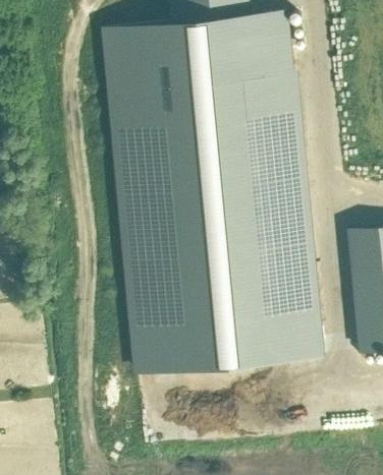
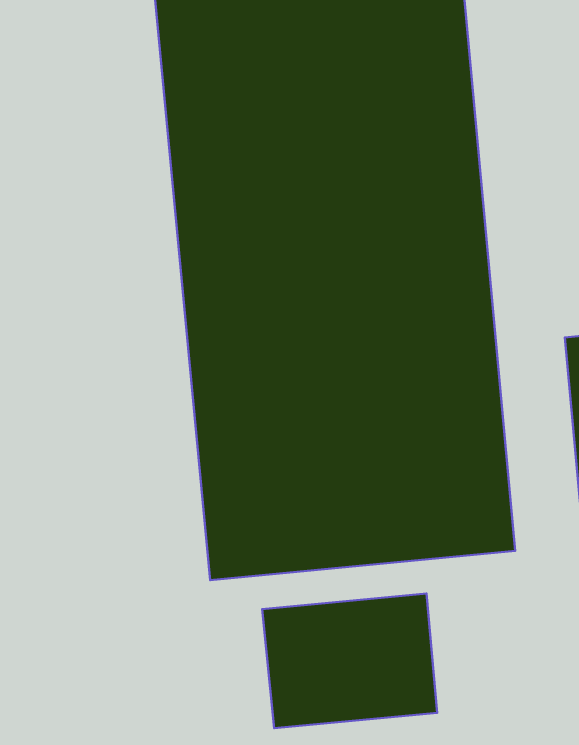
building: none -> [262,594,437,728]

